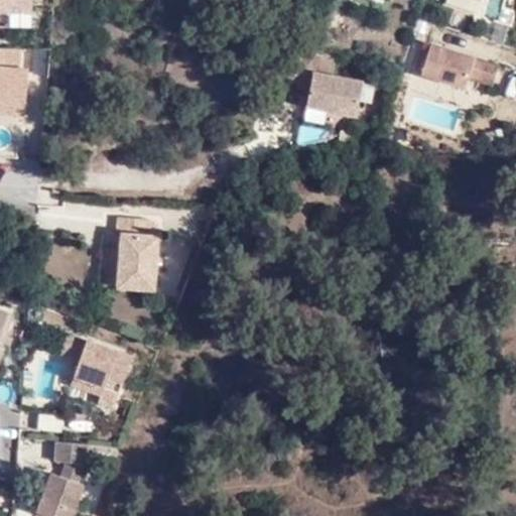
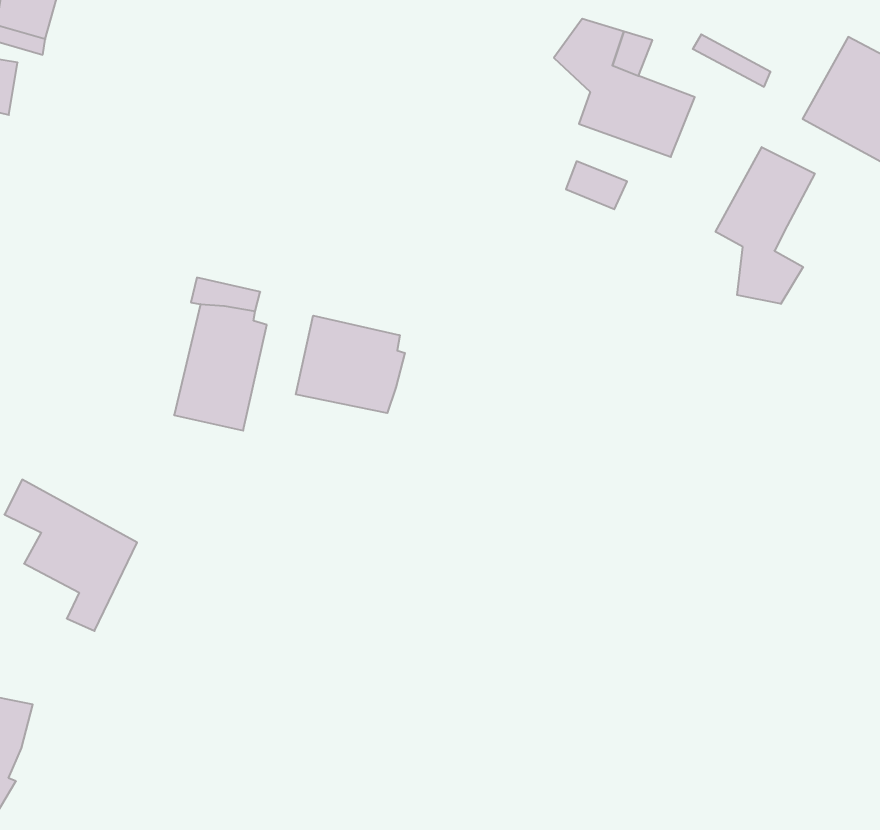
building: none -> [716,147,815,304]
building: none -> [296,316,405,413]

